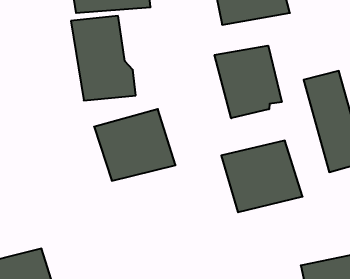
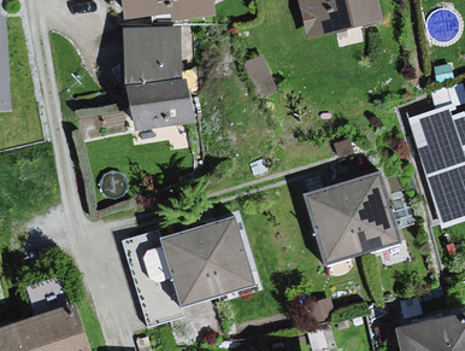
building: [215,46,282,118] -> none
building: [94,109,176,181] -> [159,217,259,305]

